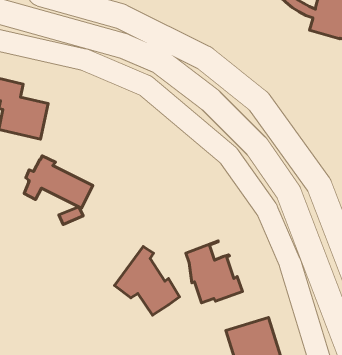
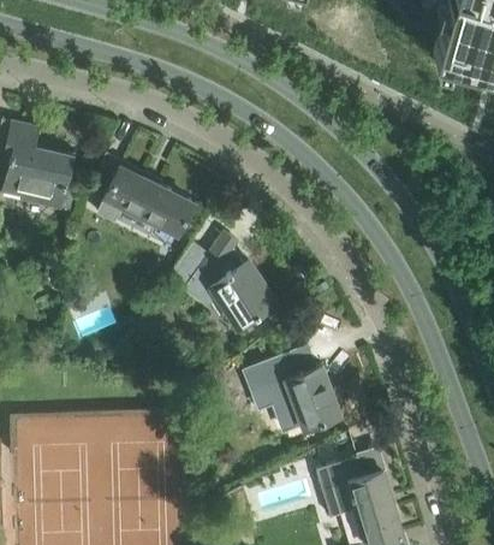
building: [24,156,93,208] -> [96,161,191,233]
building: [114,246,180,315] -> [183,232,273,327]

